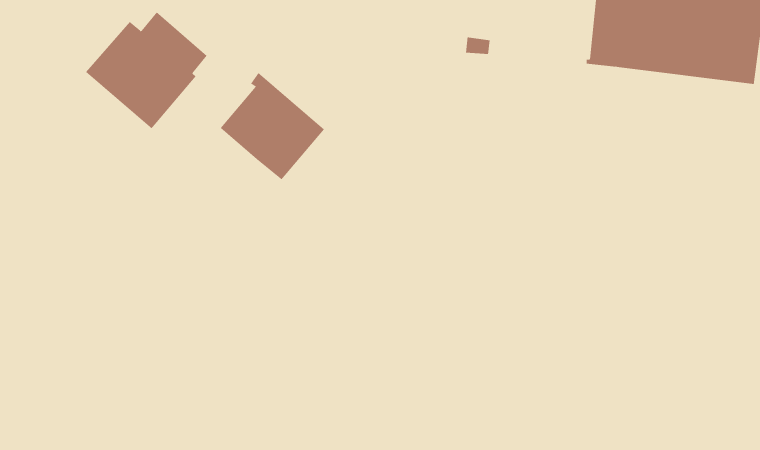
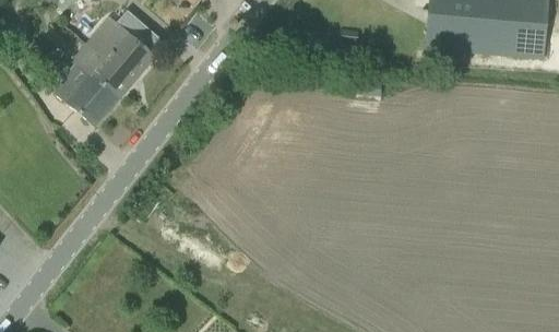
building: [220,72,325,180] -> [53,50,126,124]

